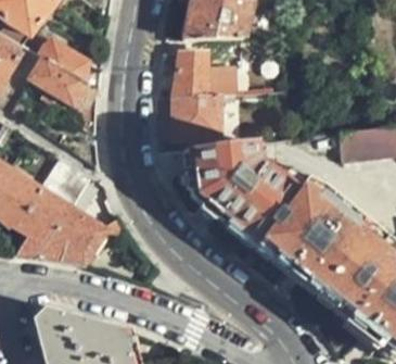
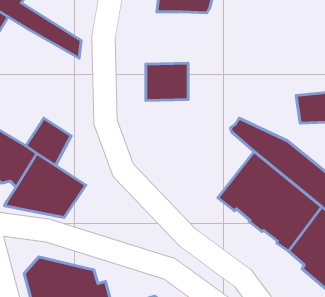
building: [154,51,232,97] -> none
building: [29,59,98,135] -> none
building: [184,141,291,244] -> none

